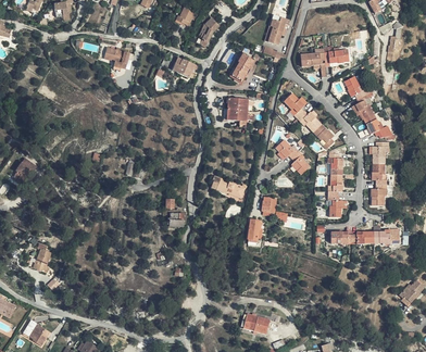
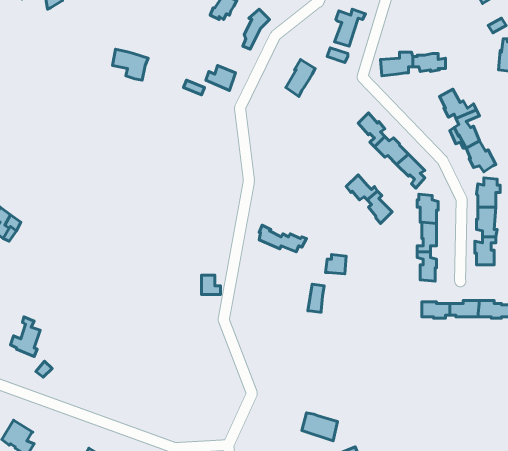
building: [227,98,252,121] -> none

